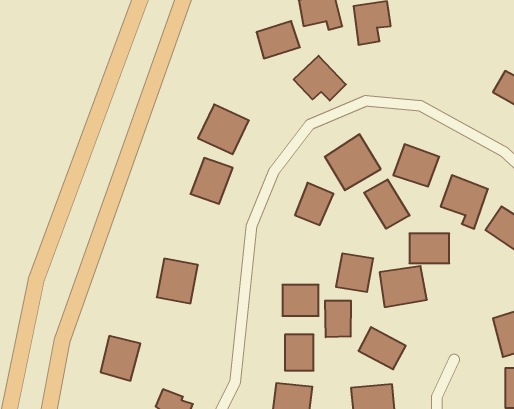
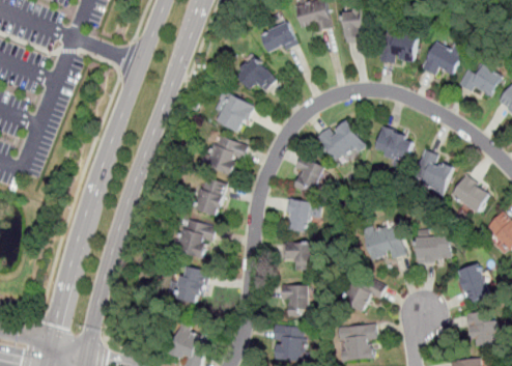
building: none -> [379,27,417,64]
building: none -> [422,40,461,79]
building: [294,56,346,101] -> [233,55,277,92]
building: [364,179,410,229] -> none
building: none -> [192,178,224,217]
building: [409,233,449,263] -> [417,237,450,262]
building: [336,253,373,292] -> [282,199,313,231]
building: [325,301,351,337] -> none
building: [101,336,140,381] -> [174,269,207,306]

